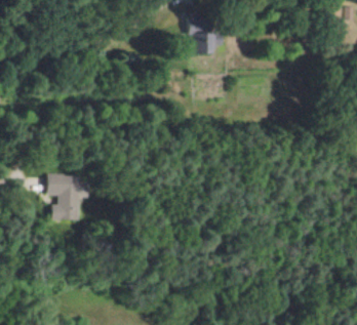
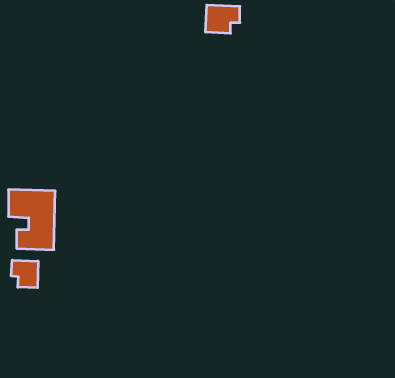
building: none -> [11,260,38,288]

